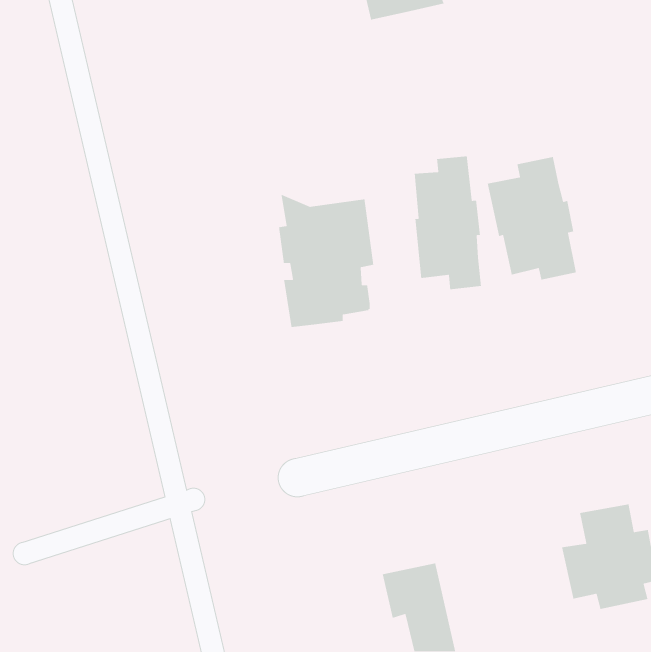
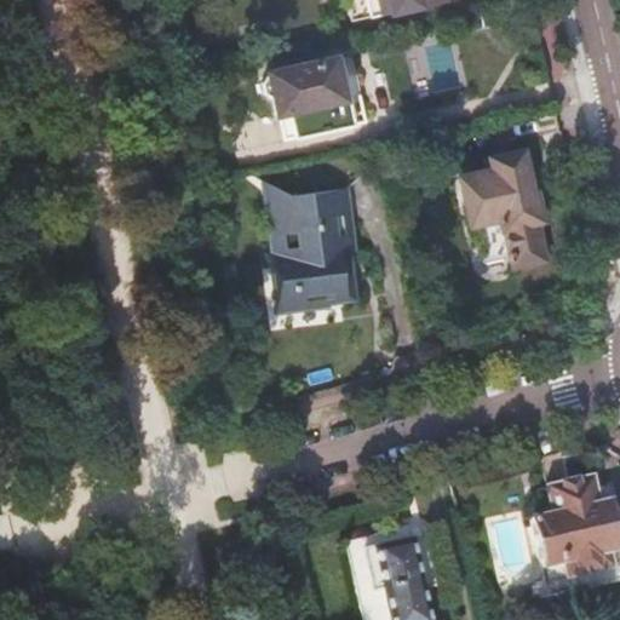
building: none -> [264,57,358,137]
building: [414,156,482,290] -> none

